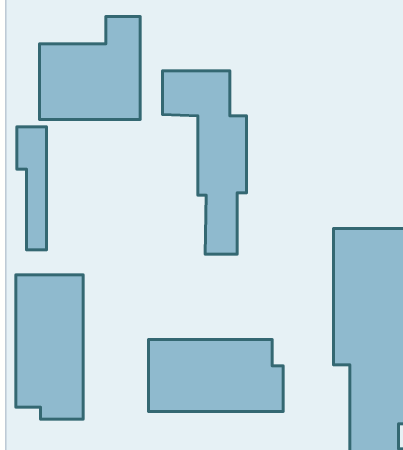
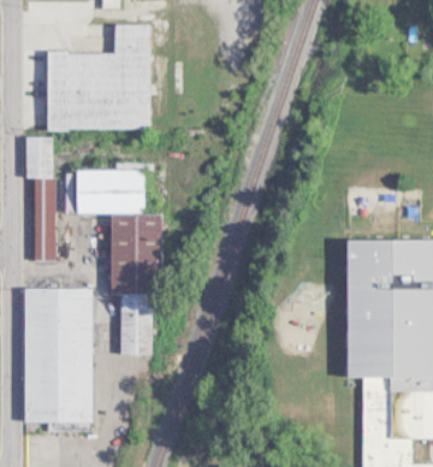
building: [162,71,247,254] -> [76,169,161,355]
building: [149,339,283,412] -> none

